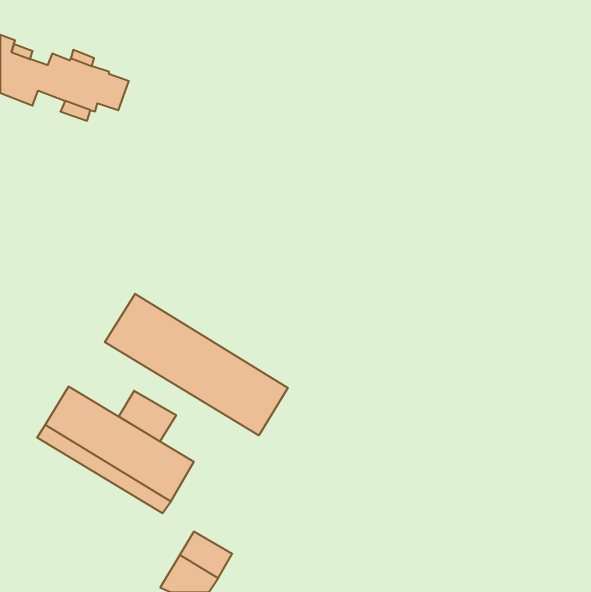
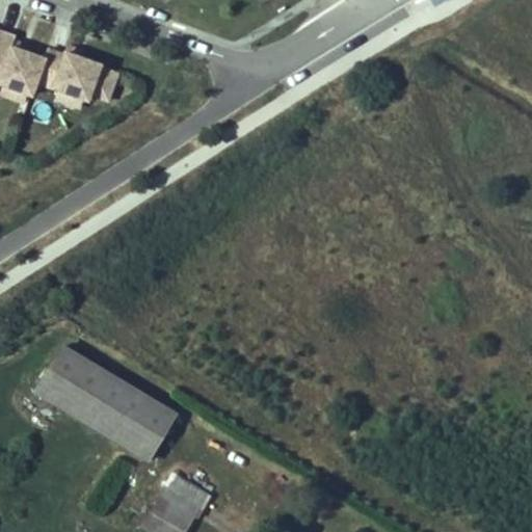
building: [105,294,288,435] -> none
building: [119,391,176,441] -> none

